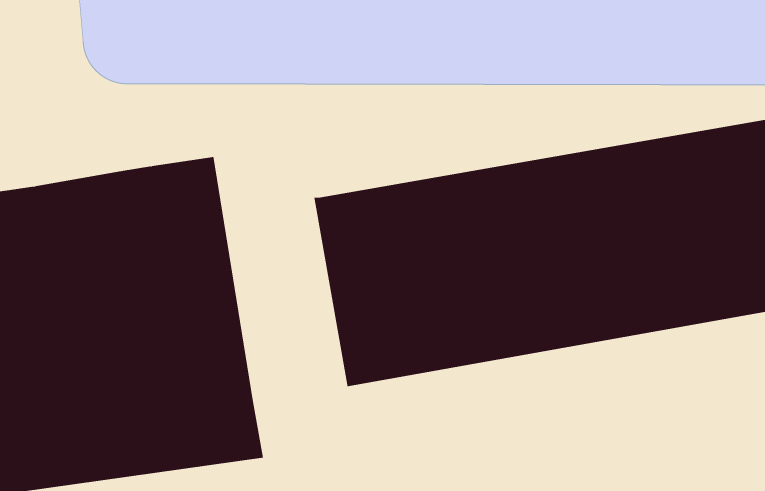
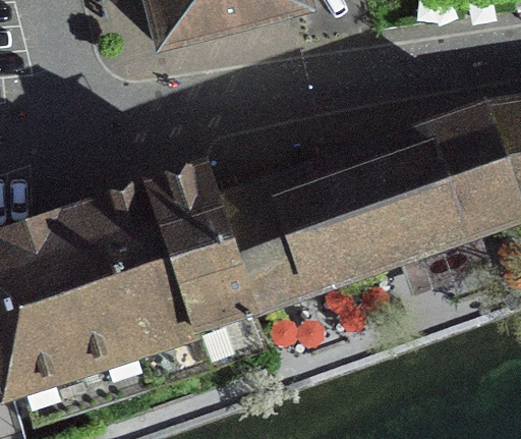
building: none -> [148,168,264,368]

